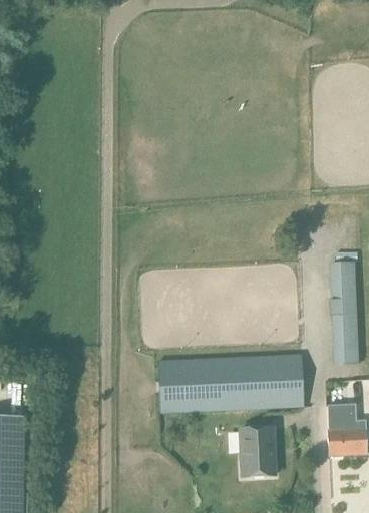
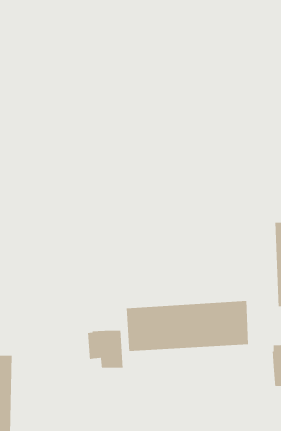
building: none -> [87,330,123,369]
building: [241,427,276,476] -> none

